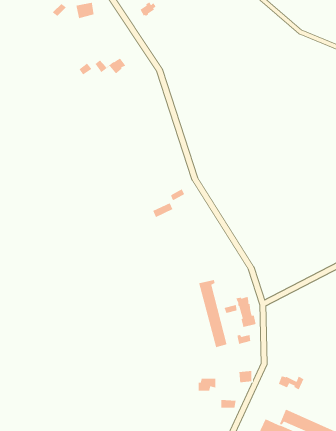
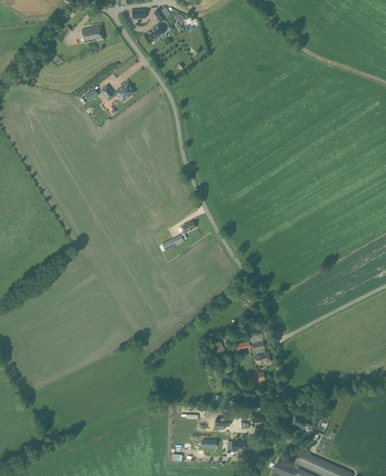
building: [198,279,228,348] -> none

